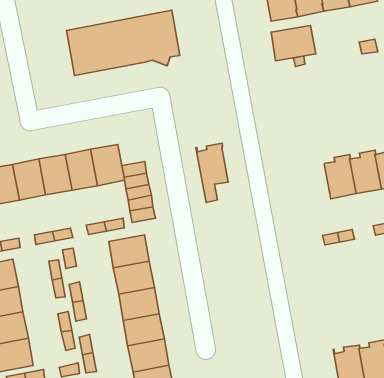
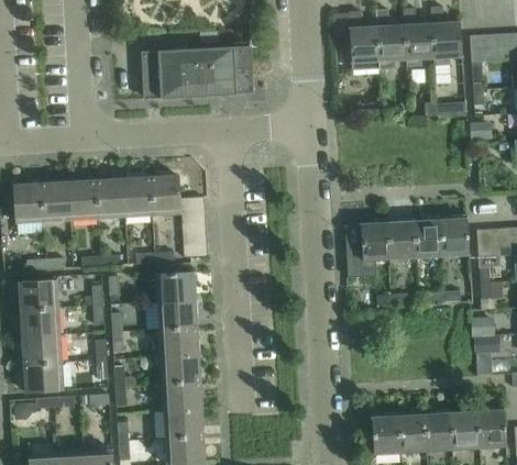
building: [271,26,316,61] -> none
building: [196,143,228,202] -> [360,219,388,277]

